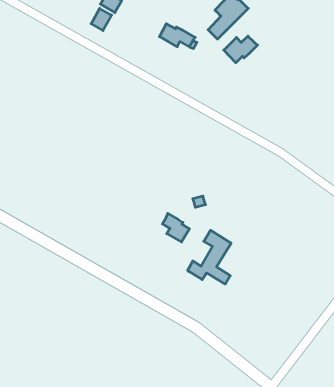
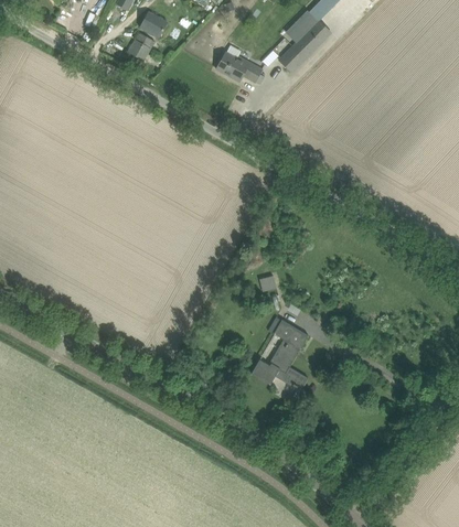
building: [224,36,258,63] -> none
building: [162,213,189,242] -> none

